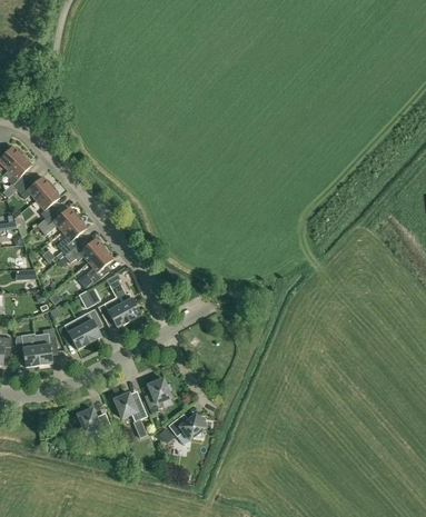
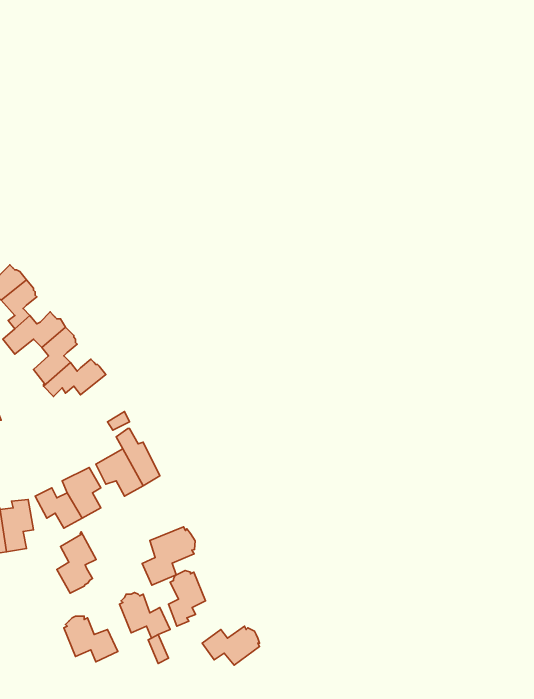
building: [78,248,112,288] -> none
building: none -> [142,527,195,585]
building: none -> [57,532,96,593]

